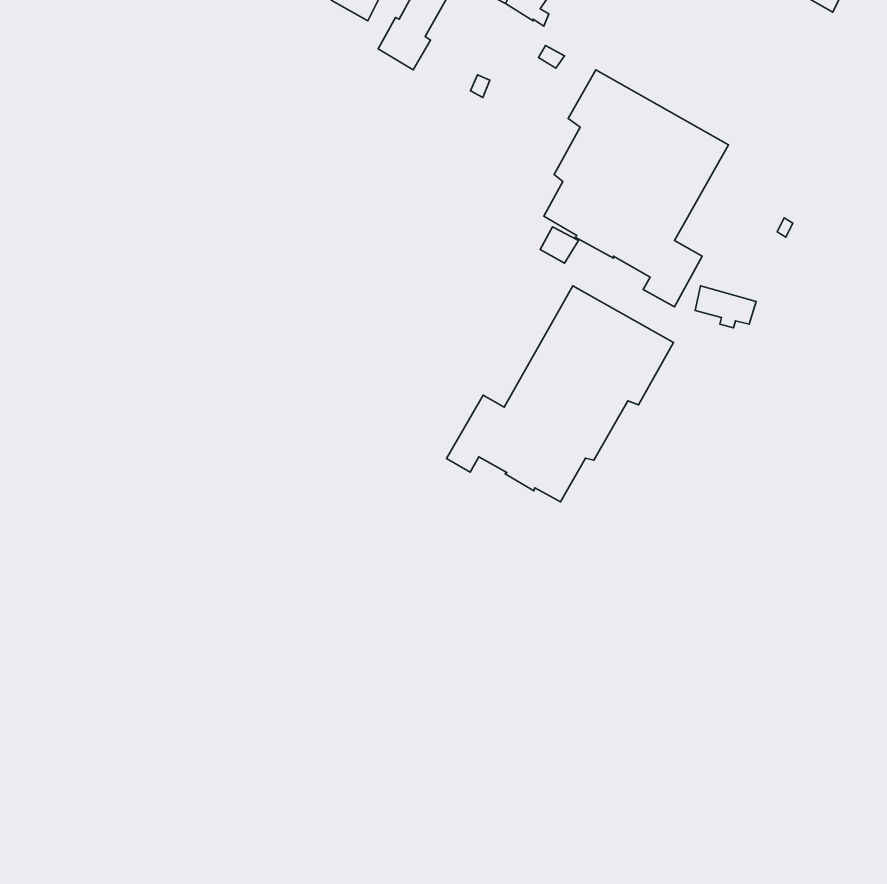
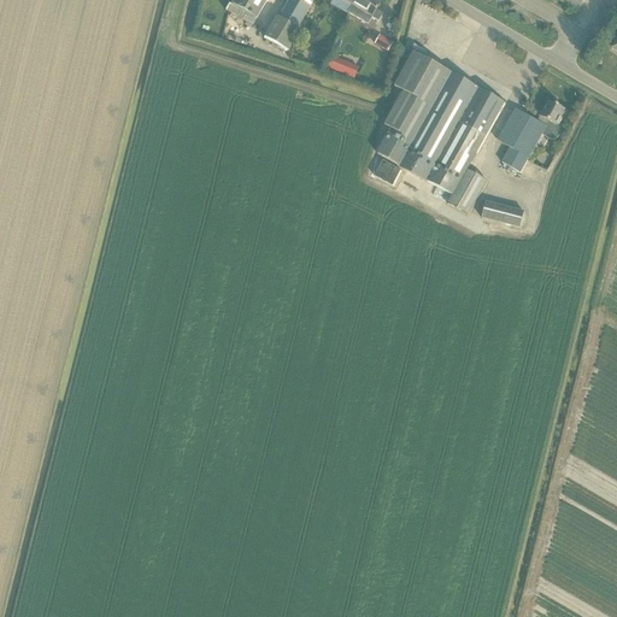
building: none -> [495,96,564,169]
building: [447,286,674,502] -> none

